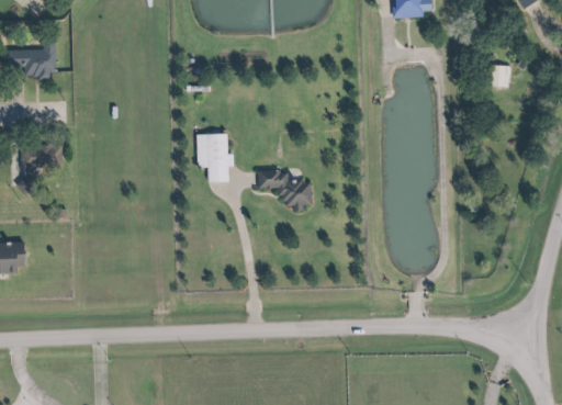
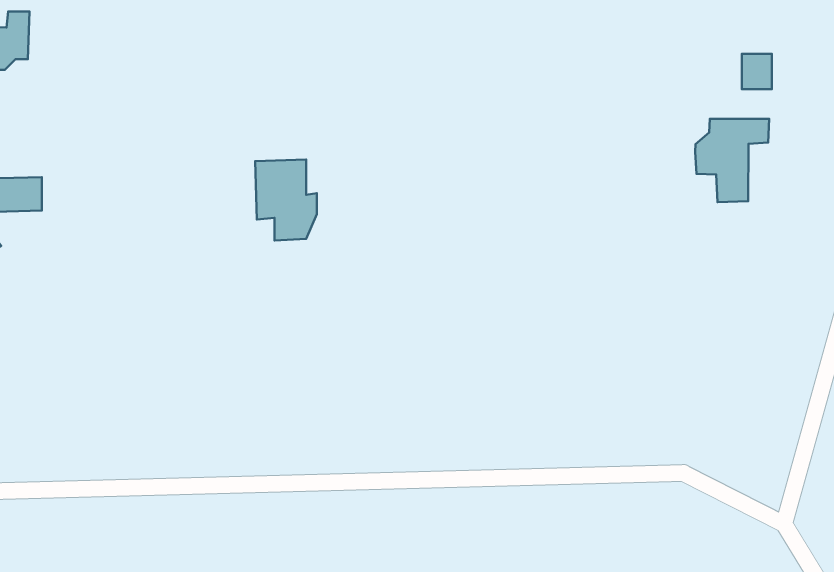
building: none -> [695,119,769,202]
building: [252,168,310,213] -> none

